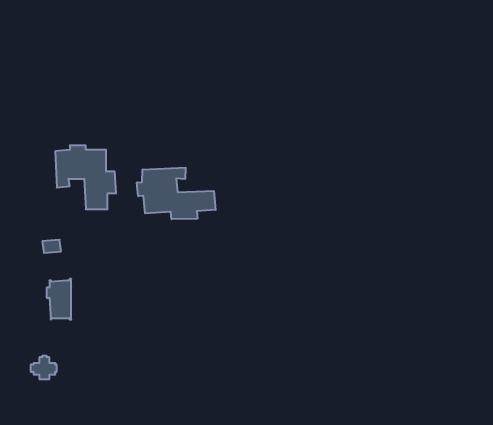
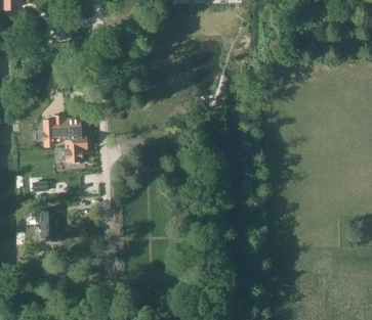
building: [137,168,216,219] -> none

